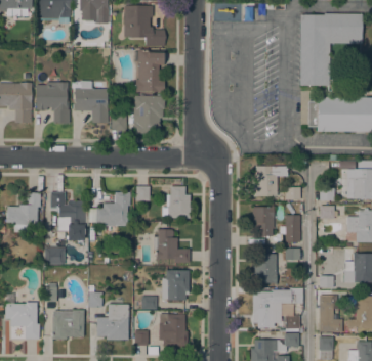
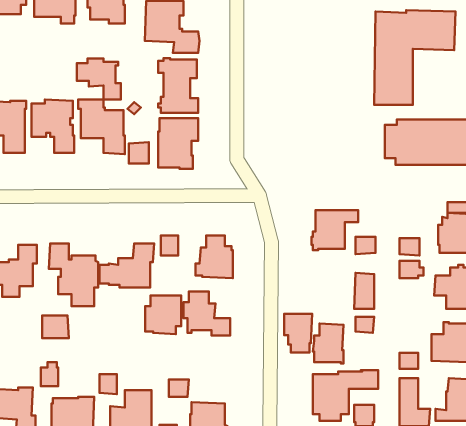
building: none -> [77,58,121,100]
building: [253,206,275,235] -> [284,314,312,353]
building: [162,270,190,300] -> [145,296,181,334]

